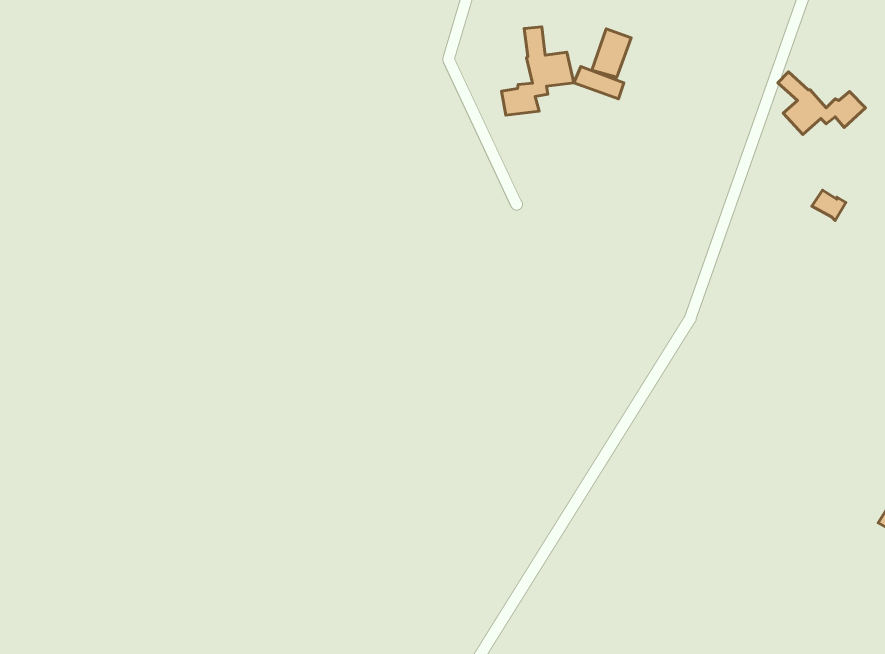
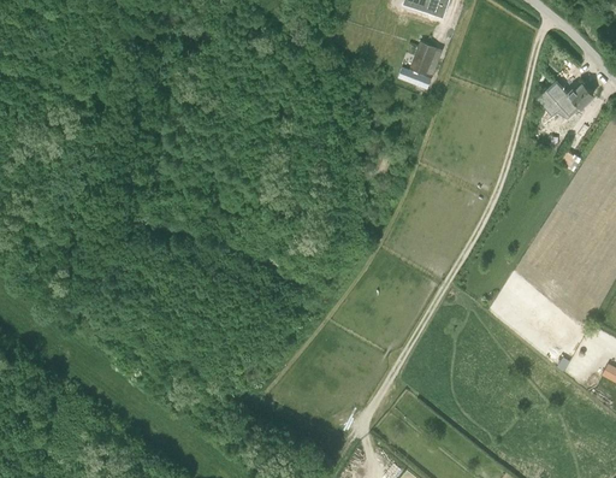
building: [502,27,574,115] -> none

